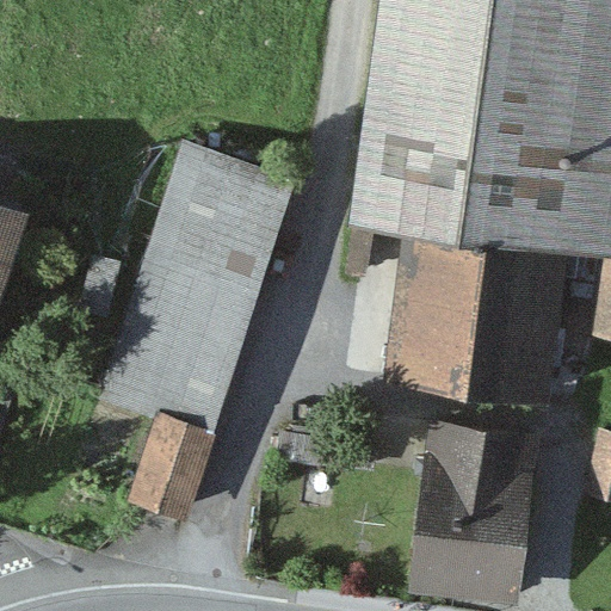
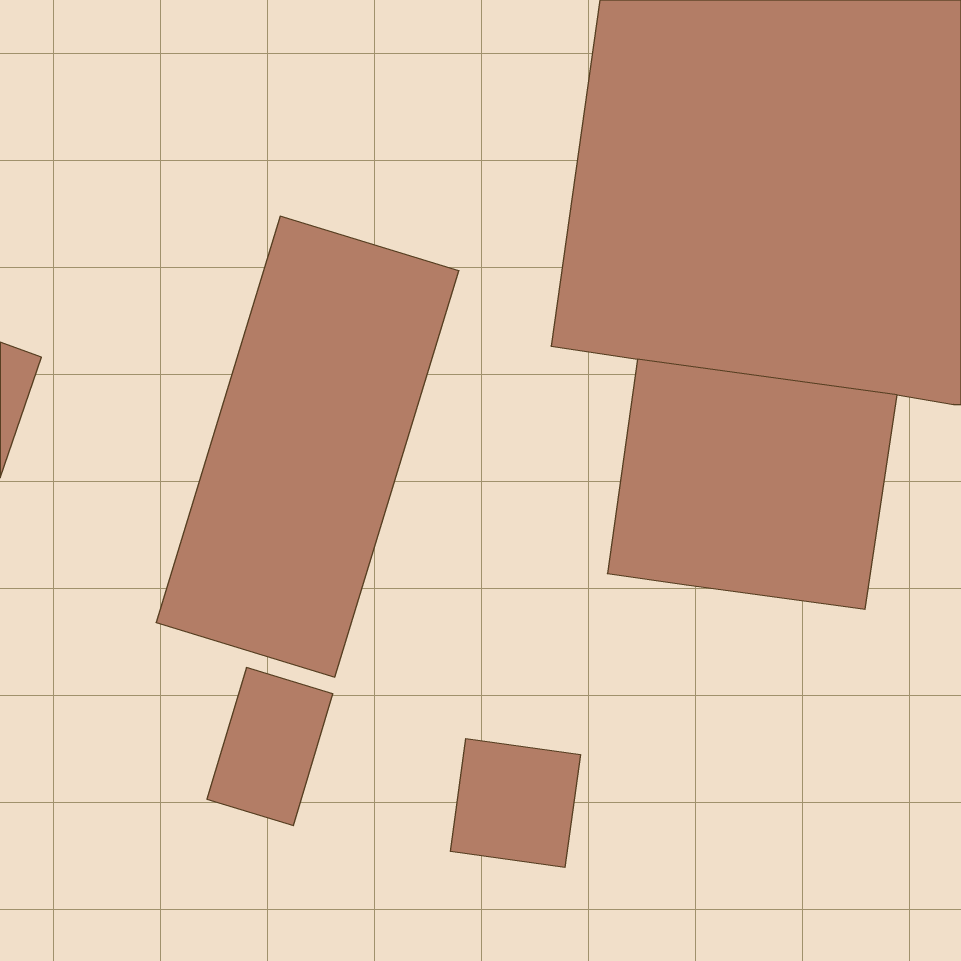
building: [408,371,549,575] -> none
building: none -> [450,739,580,867]

